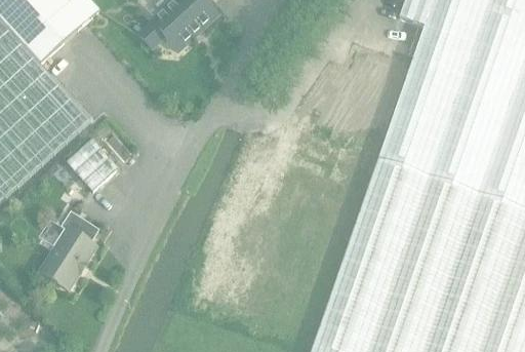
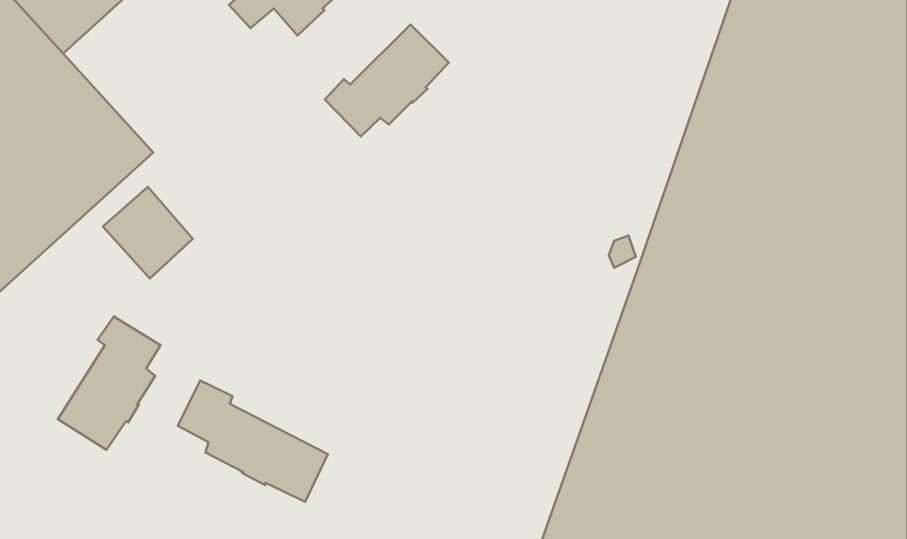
building: none -> [325,25,449,136]
building: none -> [178,381,328,502]

